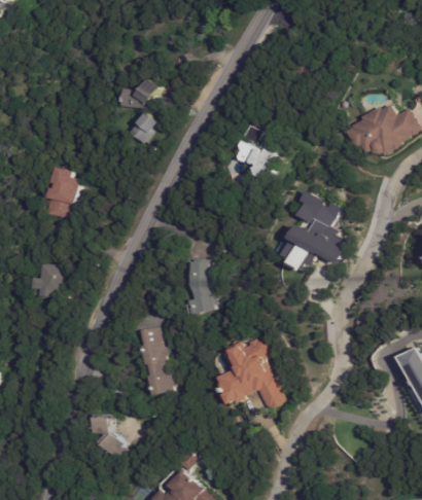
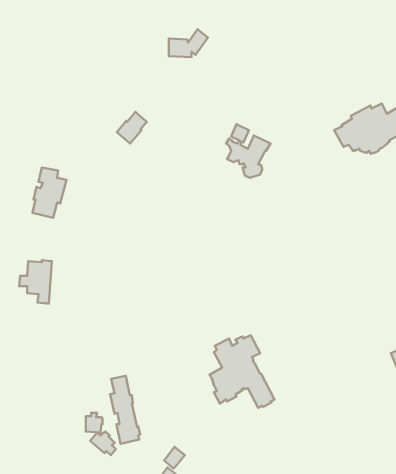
building: [120,80,160,108] -> [169,29,208,57]
building: [278,190,346,270] -> none
building: [187,259,212,313] -> none
building: [140,326,170,394] -> [110,376,140,444]

